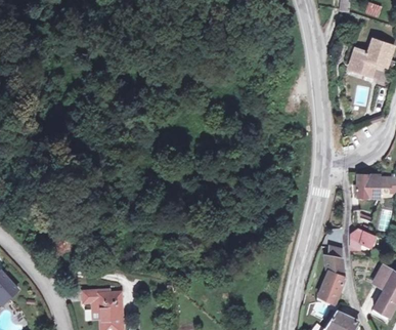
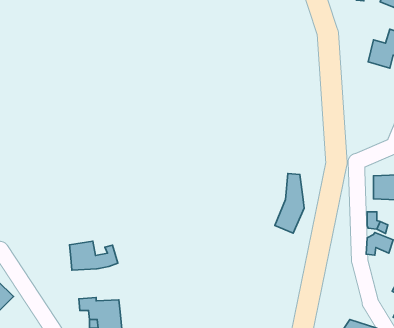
building: none -> [69,241,118,270]
building: [316,247,344,303] -> [275,173,304,233]

